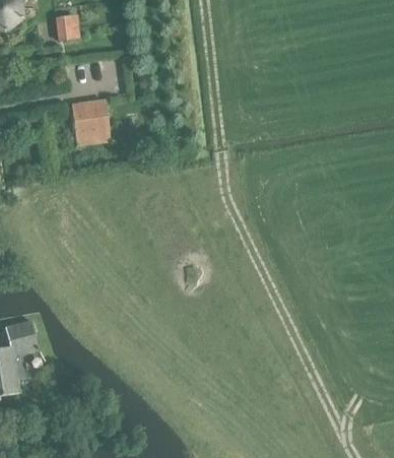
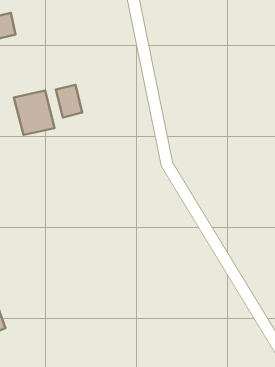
building: none -> [56,85,82,117]

